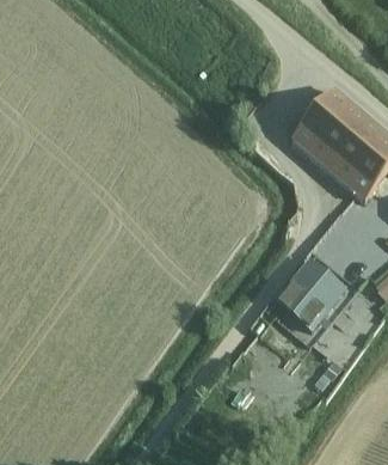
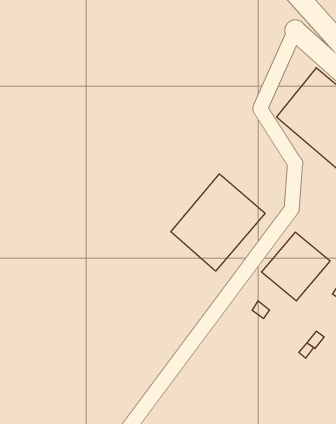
building: none -> [171,174,265,271]

